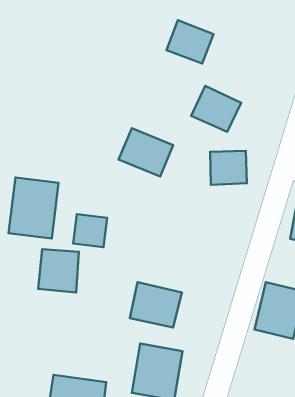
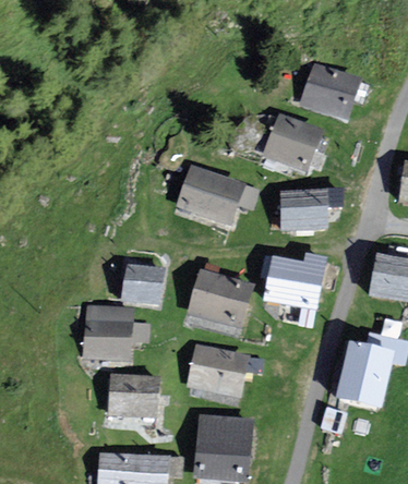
building: [166,20,214,63] -> [301,65,356,116]
building: [9,178,59,238] -> none
building: none -> [265,257,322,307]
building: none -> [190,270,253,325]
building: none -> [109,373,159,415]

